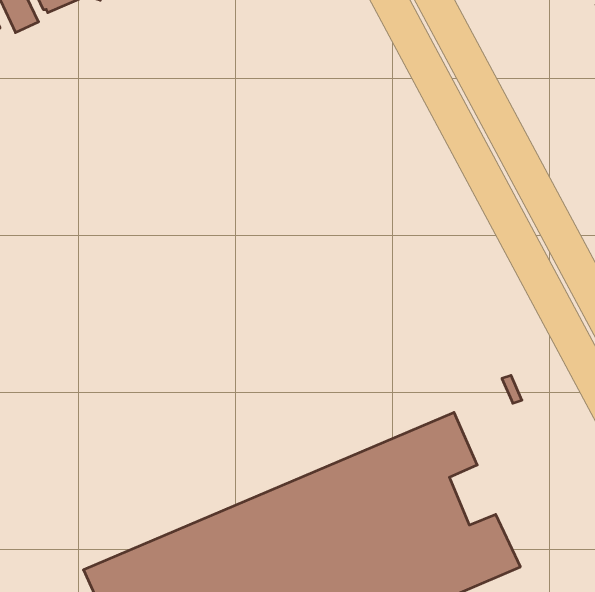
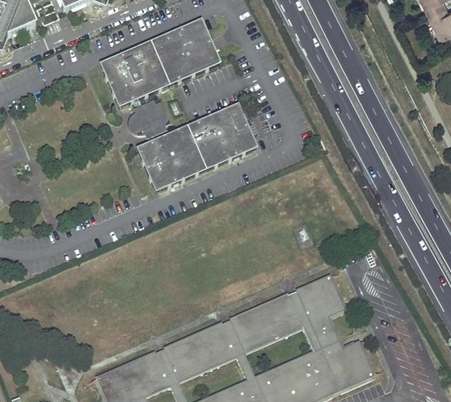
building: none -> [102,23,257,191]

